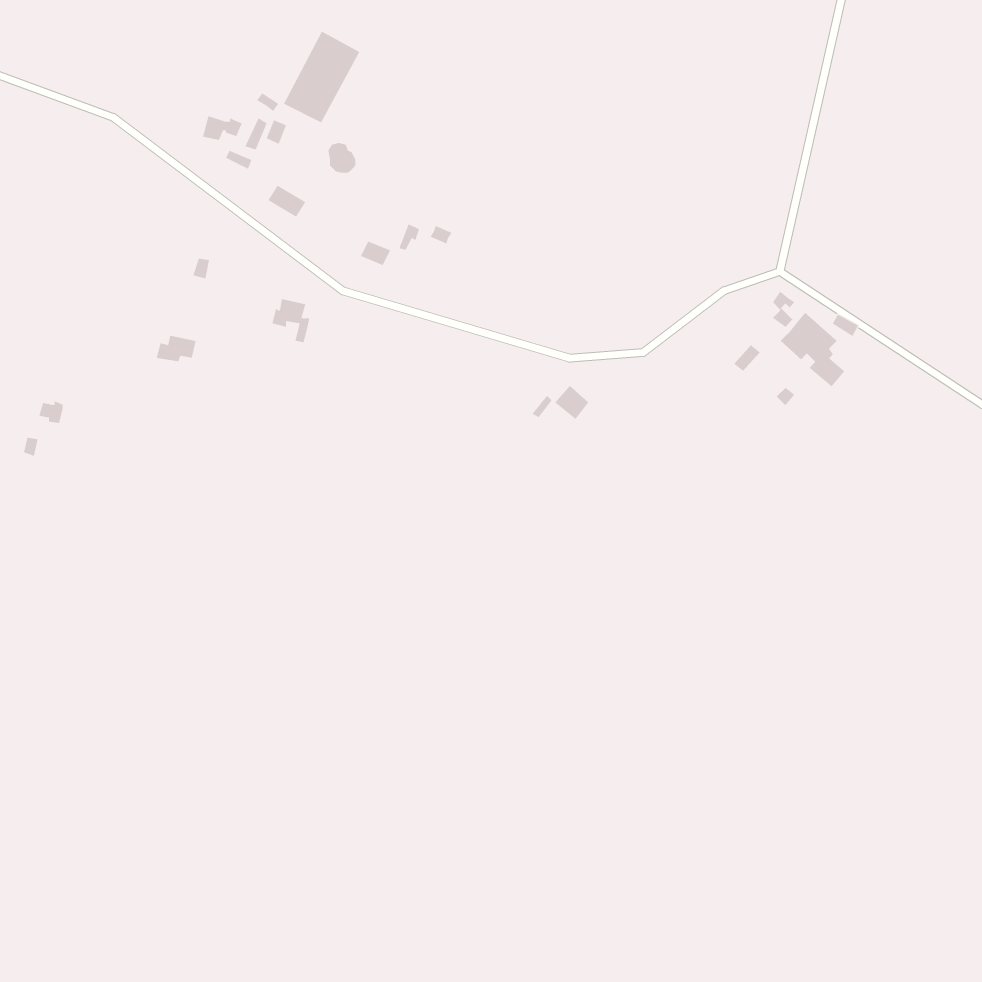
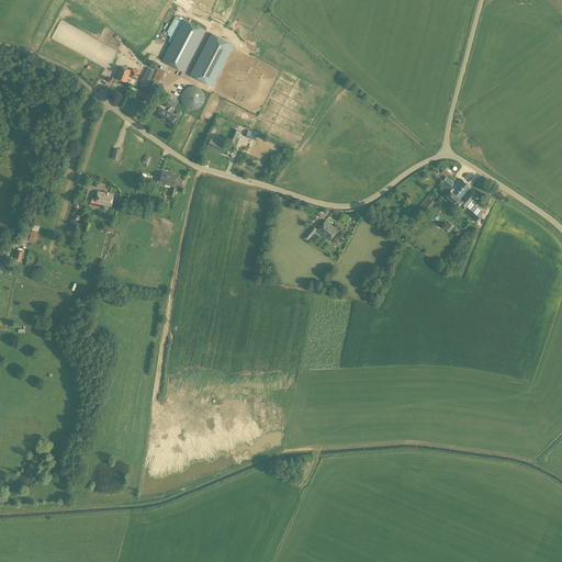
building: none -> [189,33,233,86]

